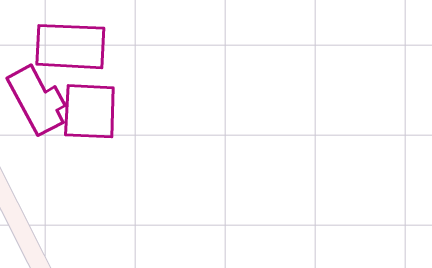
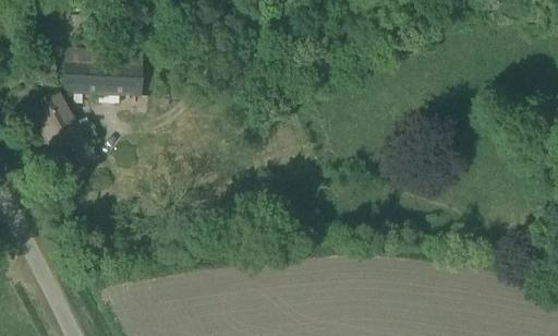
building: [65,86,113,137] -> none

